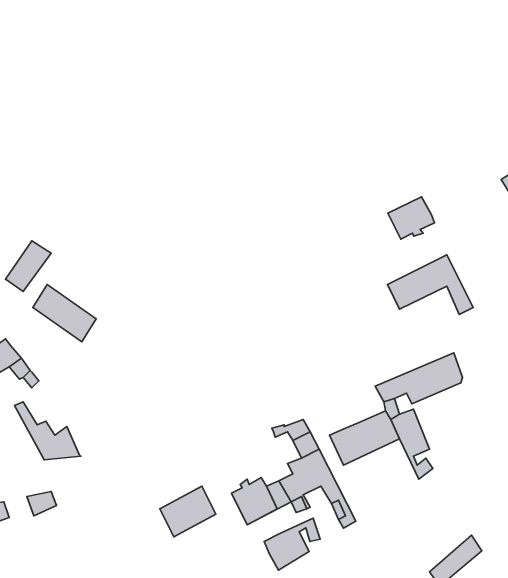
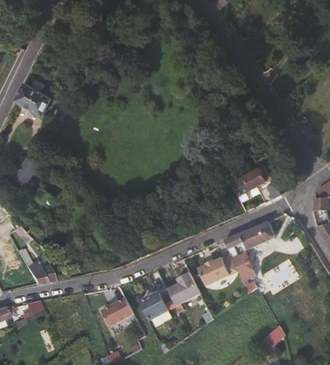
building: none -> [16,79,52,116]
building: [388,197,435,239] -> none
building: [33,285,96,342] -> none
building: [264,518,320,570] -> none

